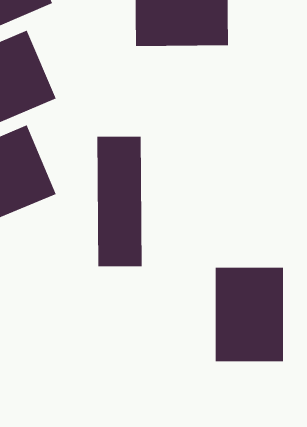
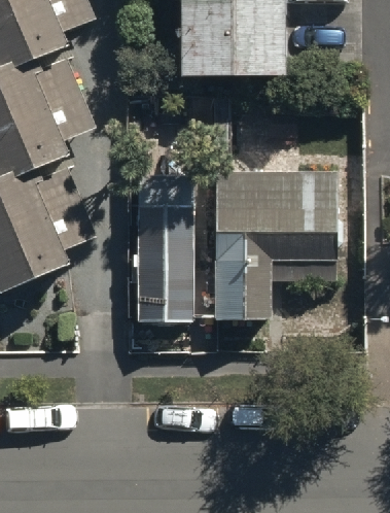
building: none -> [215,174,339,315]
building: [215,267,284,362] -> none

